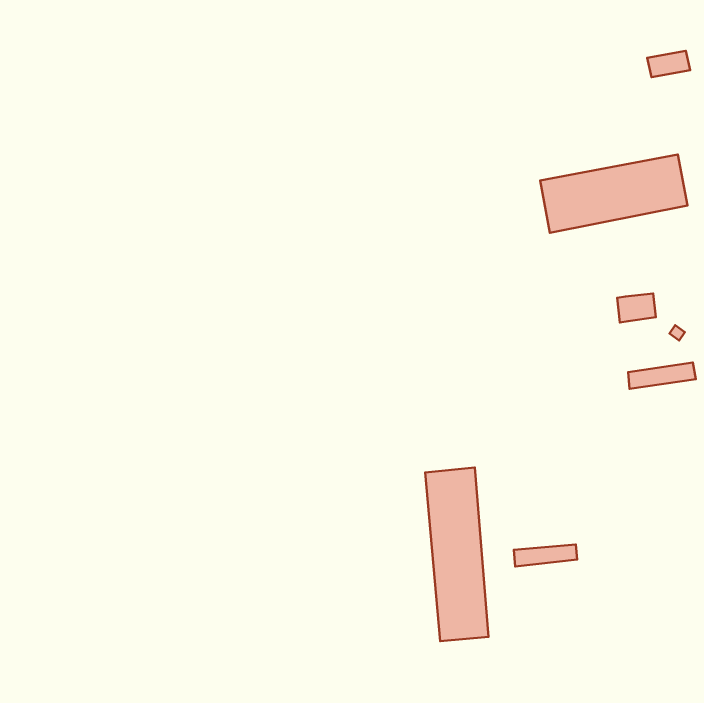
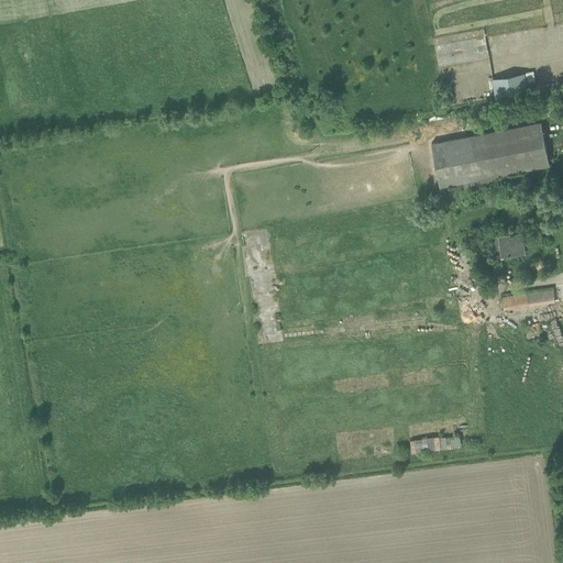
building: [647,51,690,77] -> [493,75,527,96]
building: [425,468,489,641] -> none

